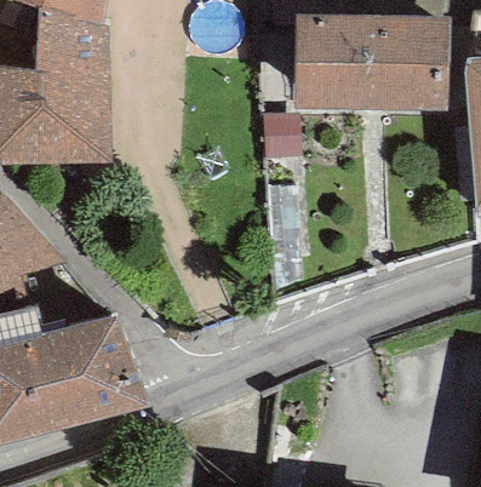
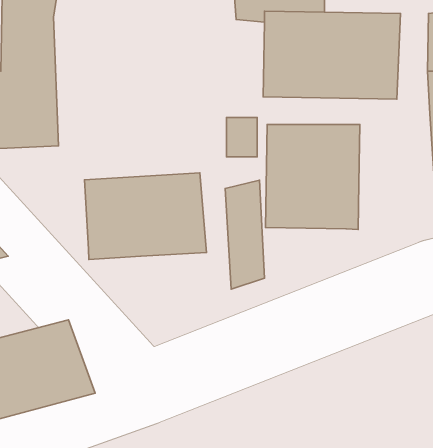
building: none -> [265,125,360,229]
building: none -> [84,173,207,260]

